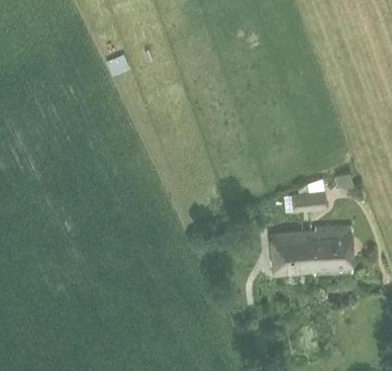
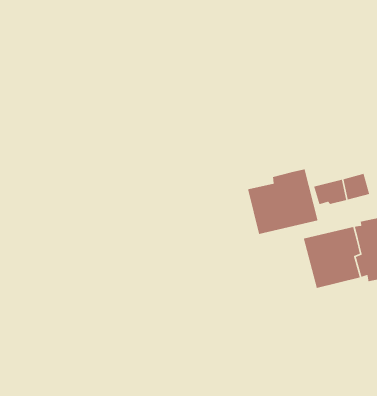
building: none -> [247,168,319,235]

